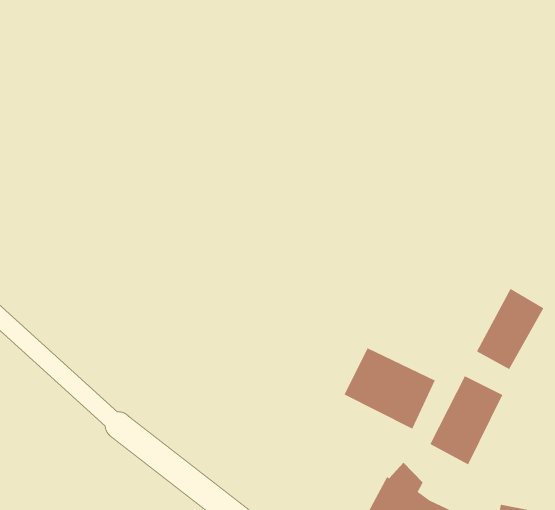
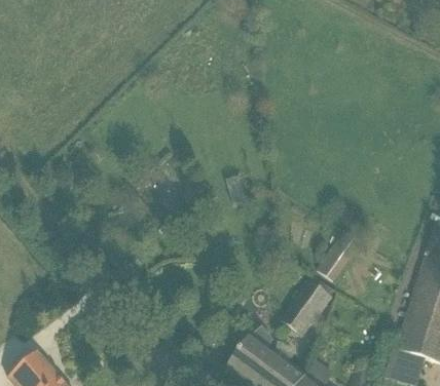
building: [344,347,435,429] -> none

